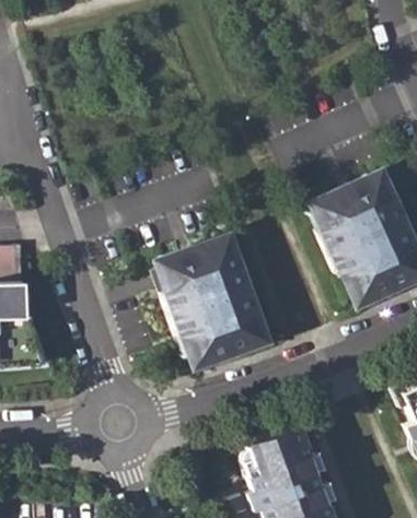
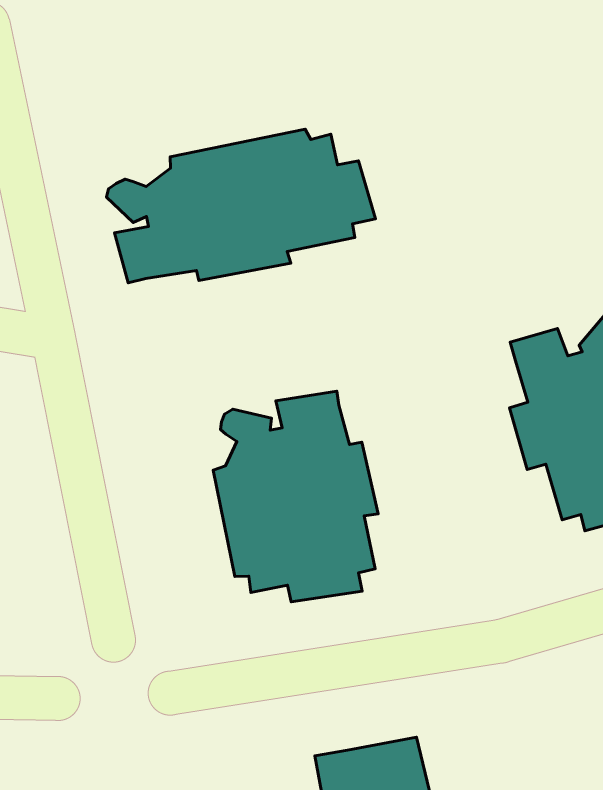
building: none -> [106,129,376,283]

